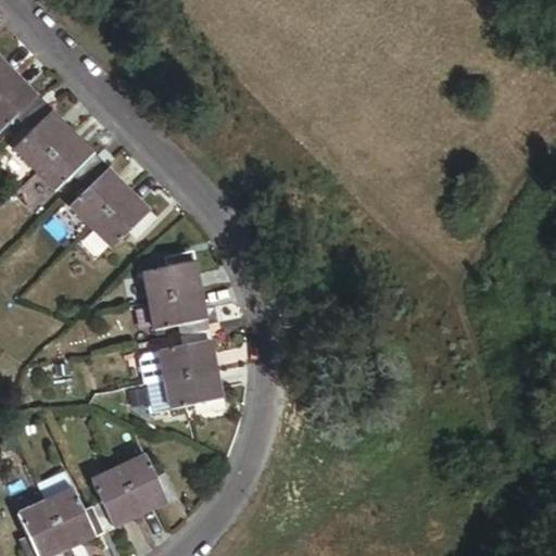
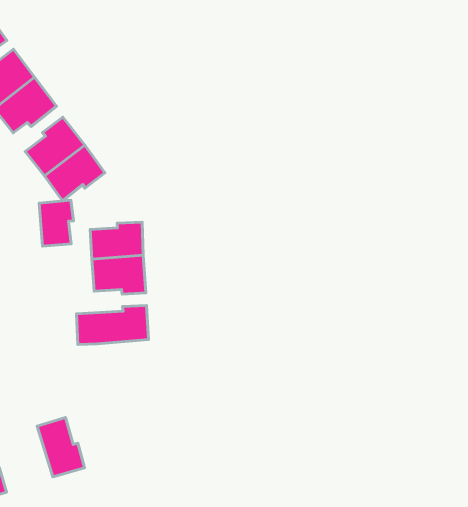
building: none -> [39,200,73,246]
building: [165,368,222,408] -> none
building: [90,466,140,528] -> none

